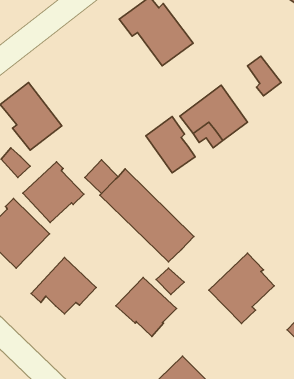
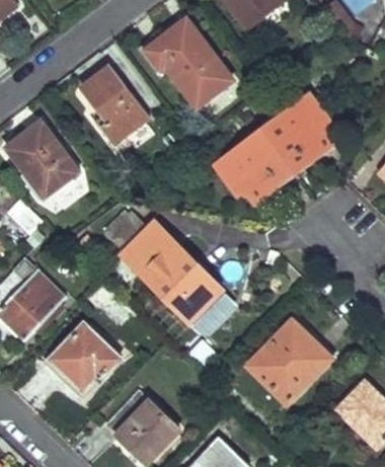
building: none -> [82,69,148,144]
building: [146,116,195,173] -> [262,105,319,170]
building: [23,162,84,223] -> none
building: [116,278,177,336] -> [107,392,177,460]

